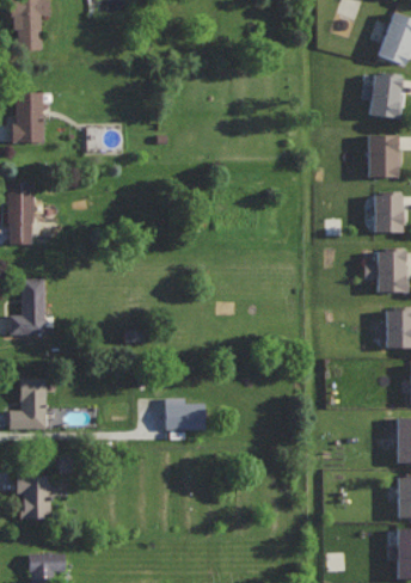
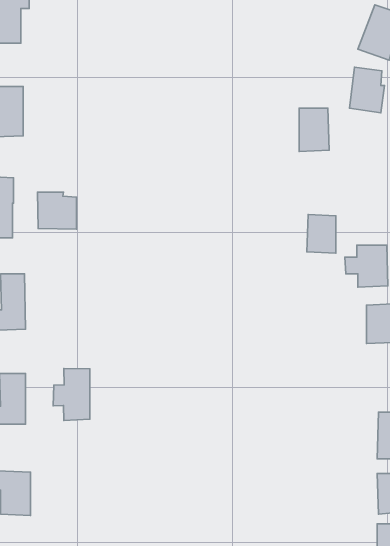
building: [367,135,397,178] -> [299,108,329,151]
building: [373,195,401,233] -> [307,215,336,253]
building: none -> [38,192,76,229]
building: none -> [53,368,90,420]
building: [165,398,204,430] -> none

